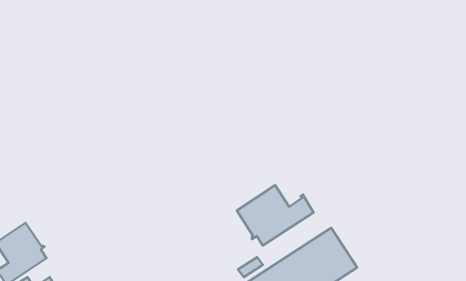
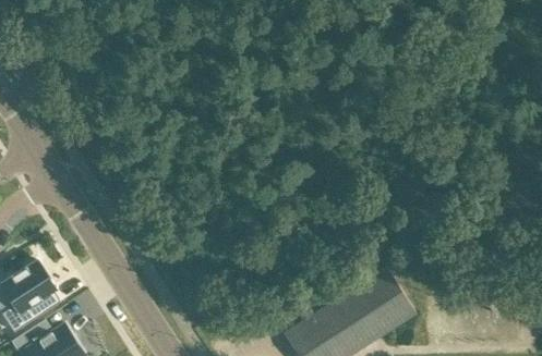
building: [237,185,314,245] -> none

